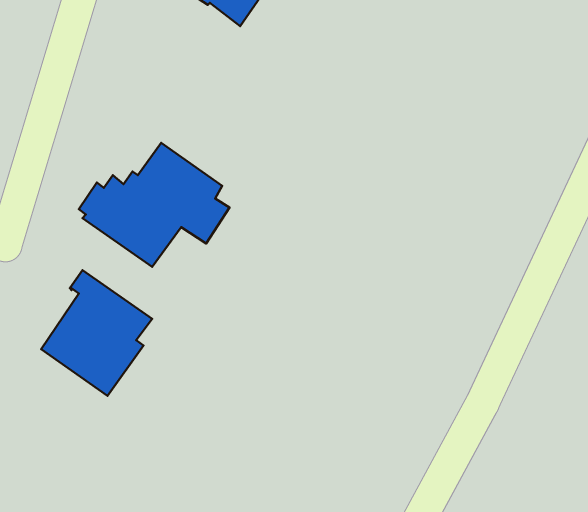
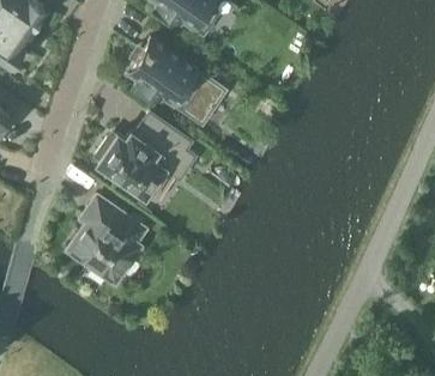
building: none -> [126,38,224,123]

